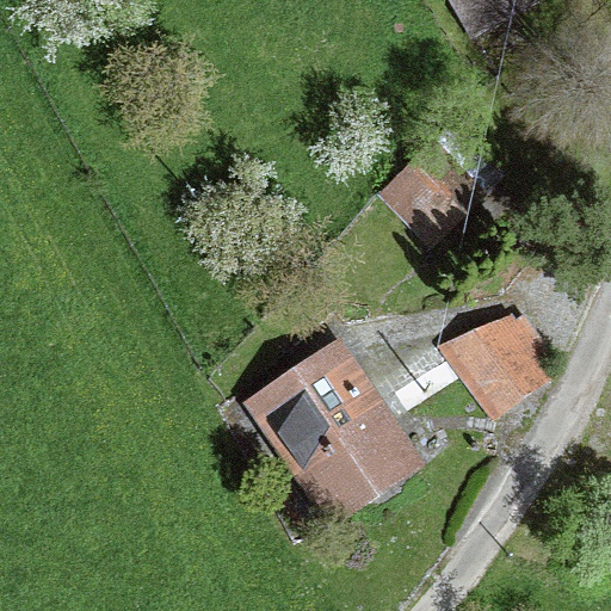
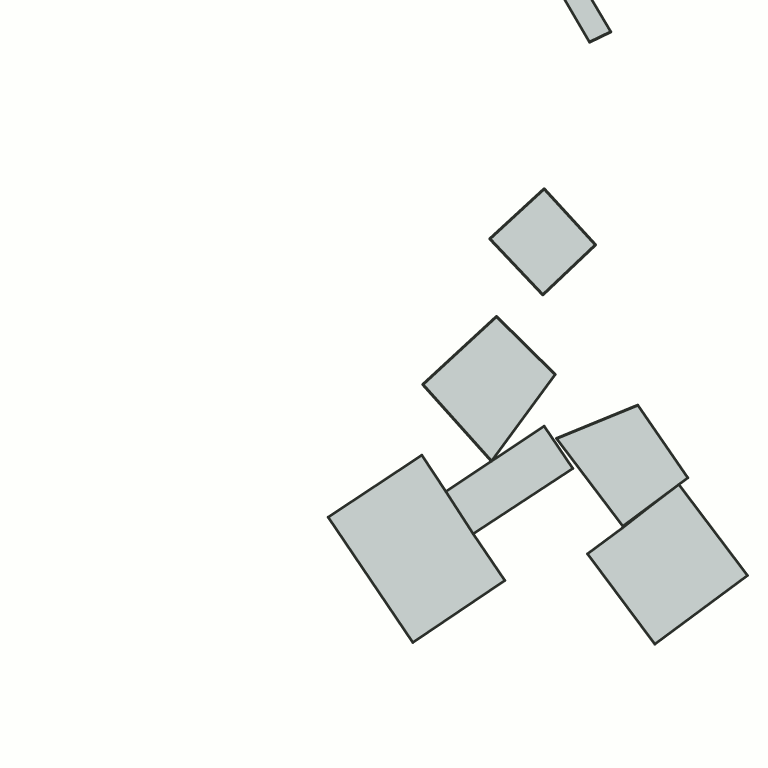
building: none -> [423,317,555,461]
building: none -> [587,484,747,644]

